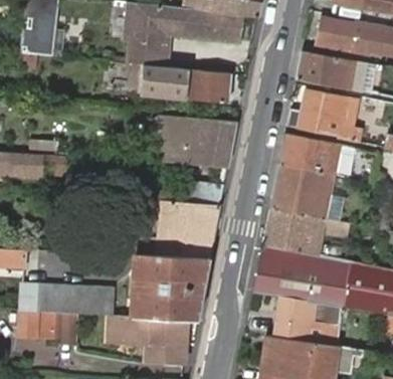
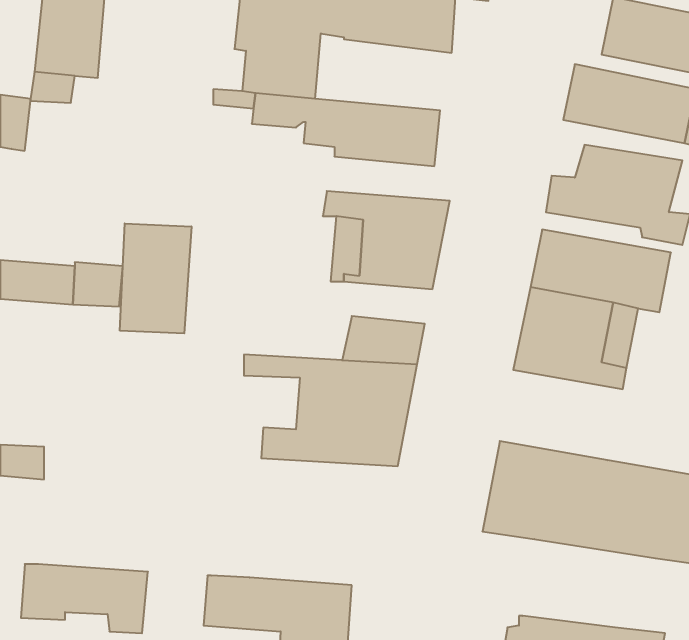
building: none -> [120,223,191,333]
building: [262,209,351,256] -> none
building: [132,255,209,323] -> none
building: [21,285,114,317] -> none
building: [274,298,344,344] -> none

